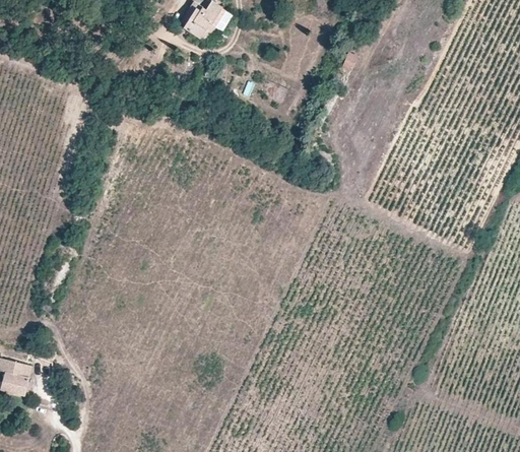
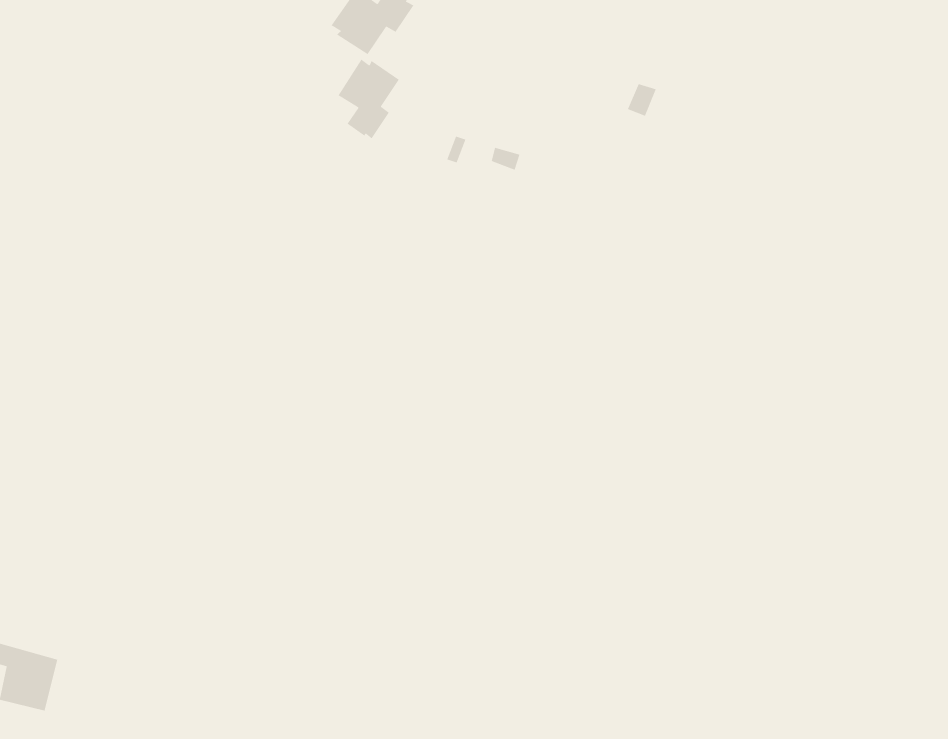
building: none -> [338,58,400,139]

